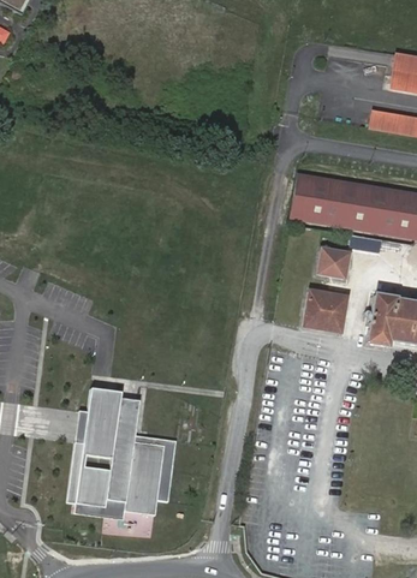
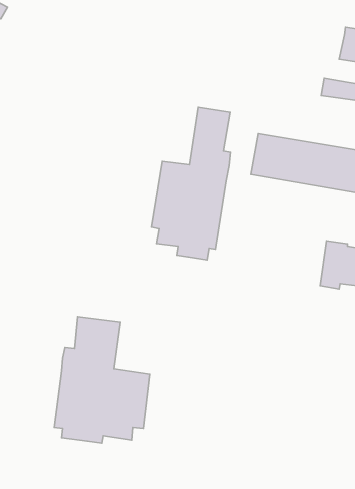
building: none -> [151,107,231,260]
building: [316,245,351,278] -> none
building: [302,286,350,333] -> none

